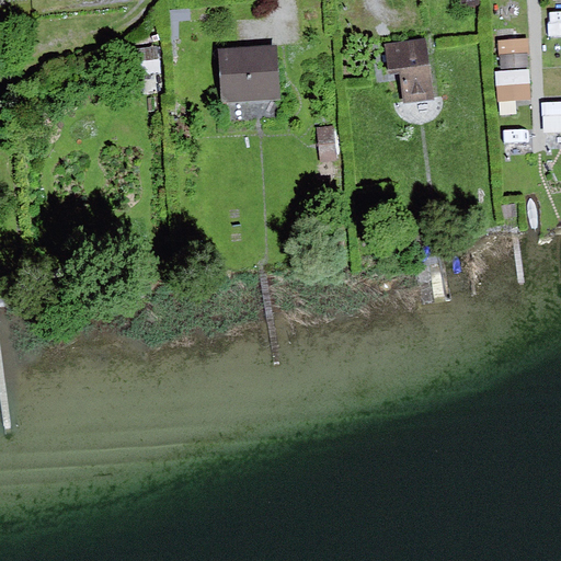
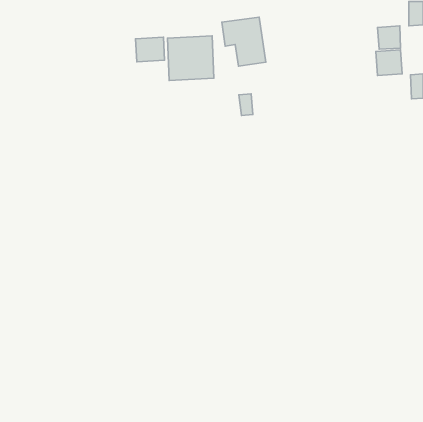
building: [378,41,436,105] -> [222,17,266,66]
building: none -> [136,37,165,62]

